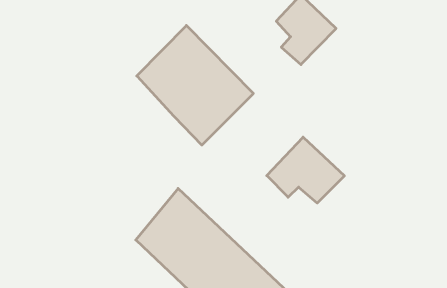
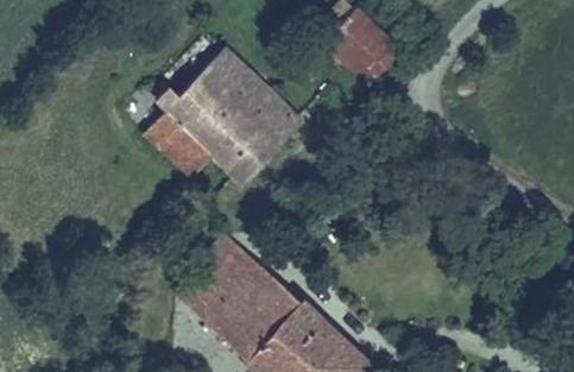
building: none -> [144,102,215,172]
building: [267,137,344,203] -> none

